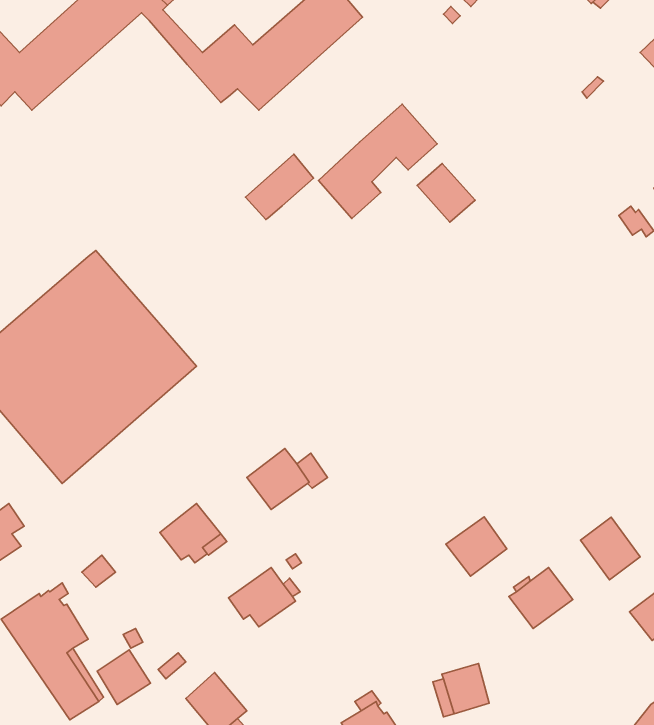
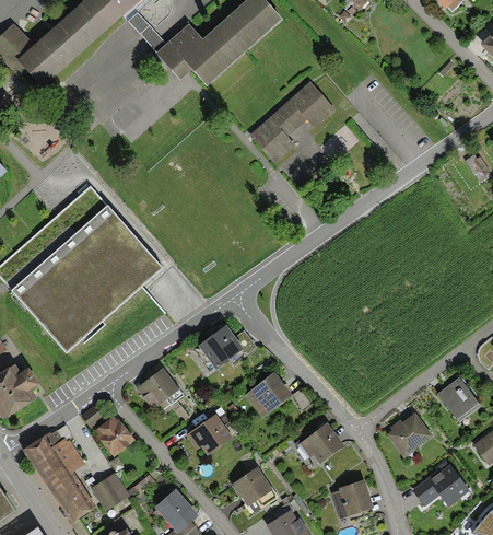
building: [246,154,313,219] -> none
building: [417,164,475,222] -> none
building: none -> [245,373,292,419]
building: [446,517,507,576] -> [300,424,343,467]
building: none -> [93,414,134,456]
building: none -> [411,464,469,505]
building: none -> [231,466,272,505]

